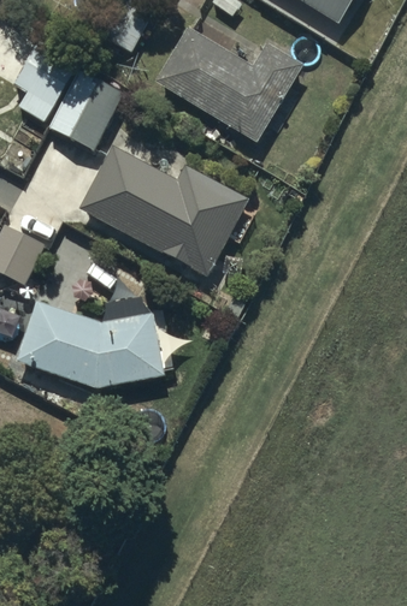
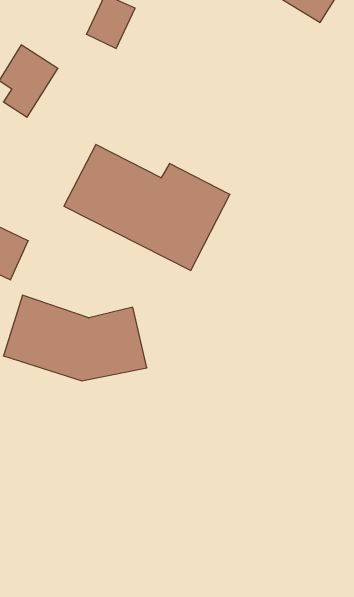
building: [155,25,302,141] -> none
building: [51,70,122,147] -> none

